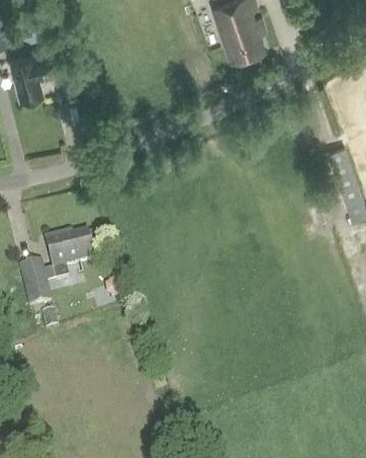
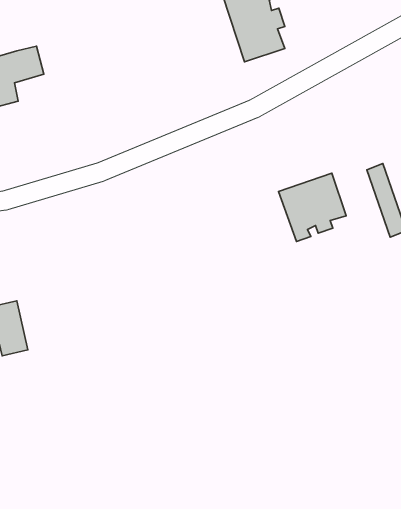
building: none -> [278,173,346,241]
building: [46,231,98,279] -> none

